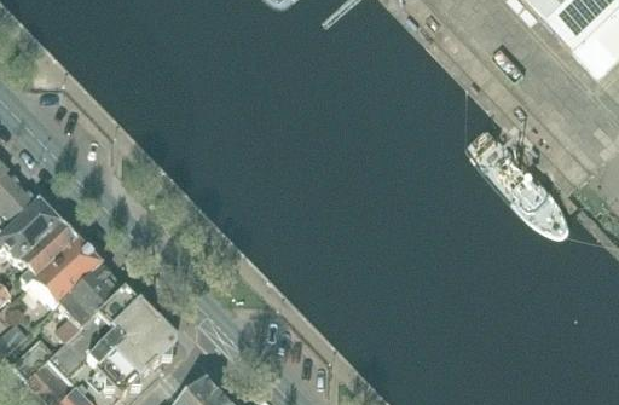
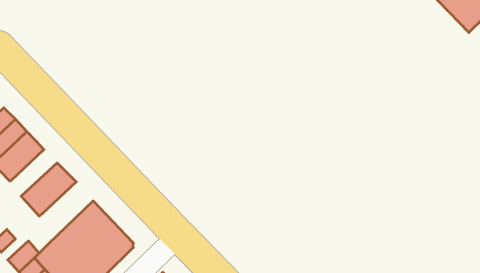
building: [16,222,76,289] -> none
building: [56,264,122,342] -> none

